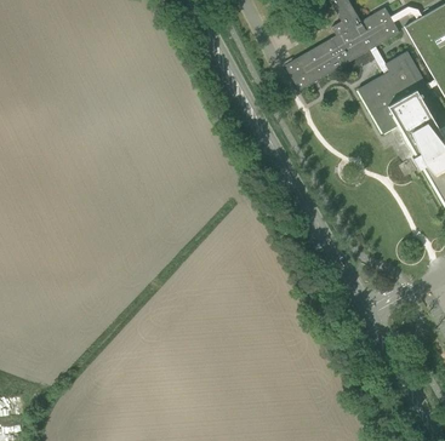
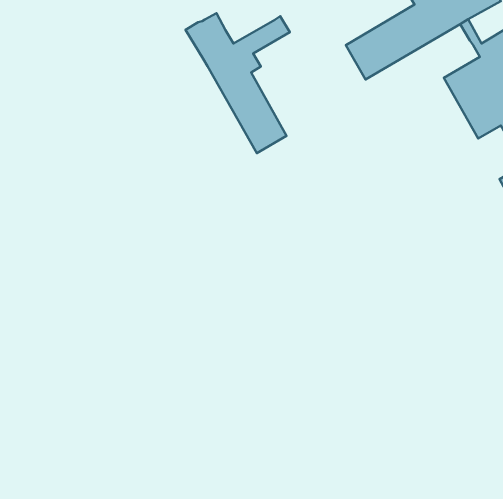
building: none -> [186,13,290,153]

